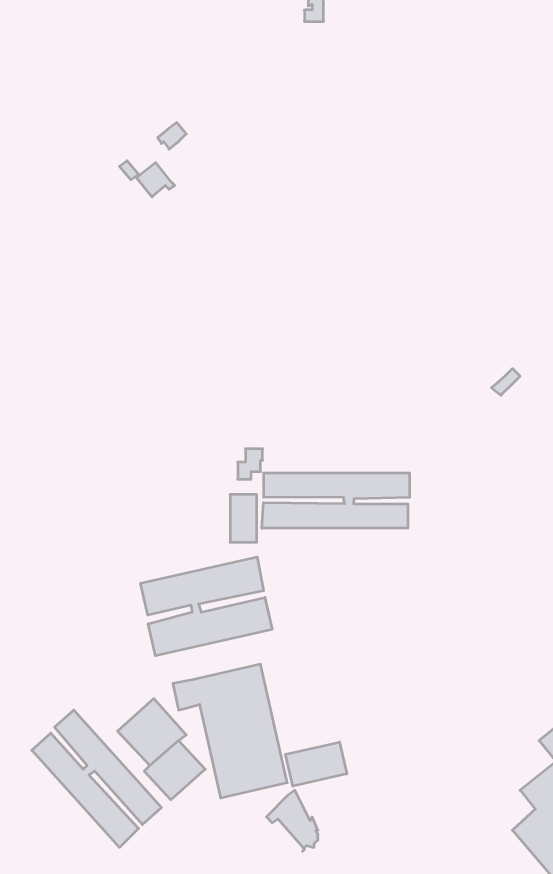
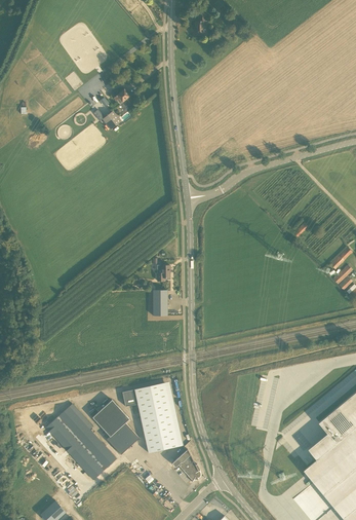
building: [262,473,410,528] -> none
building: [141,557,272,656] -> none
building: [286,742,347,786] -> none

